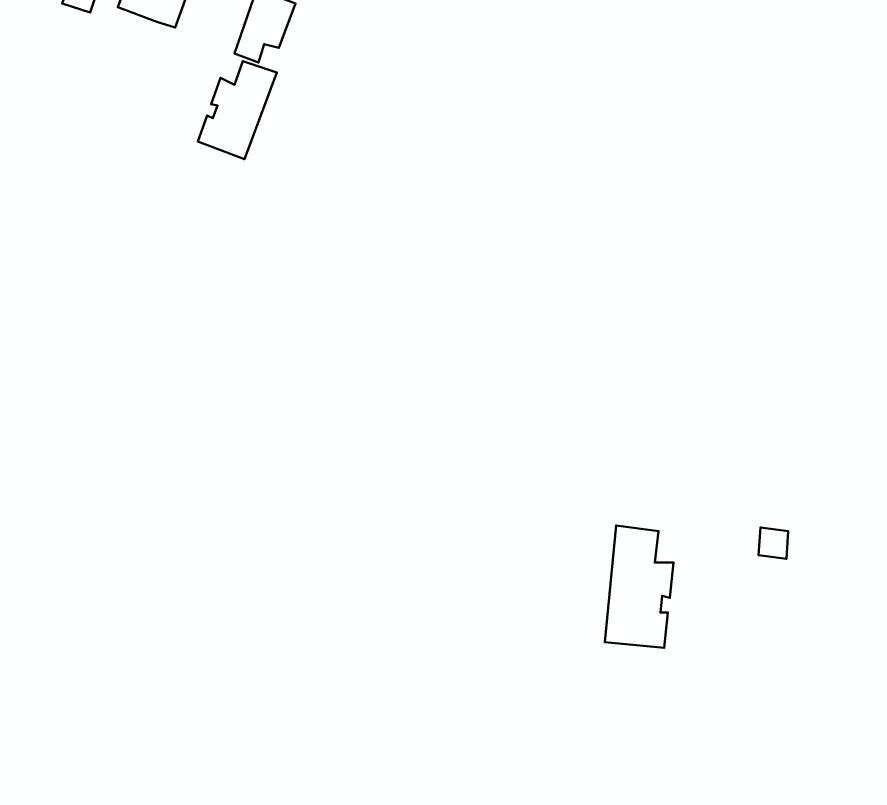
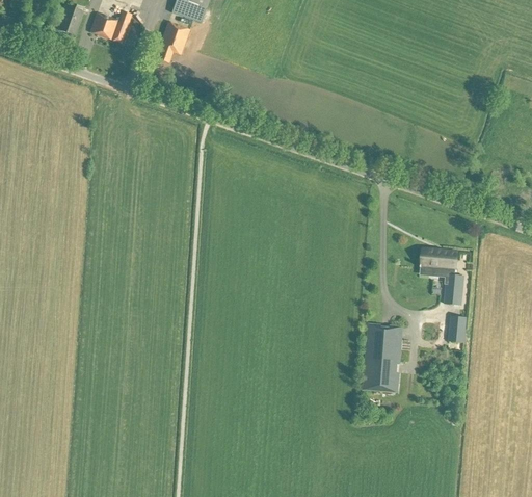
building: [198,61,277,159] -> none
building: none -> [421,247,464,305]

